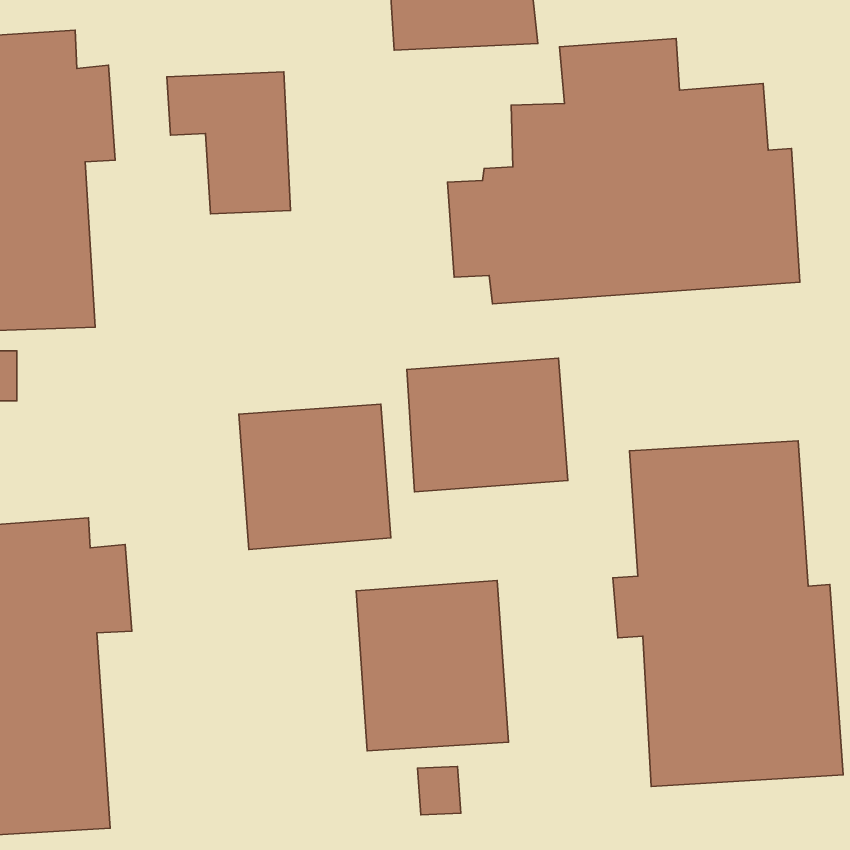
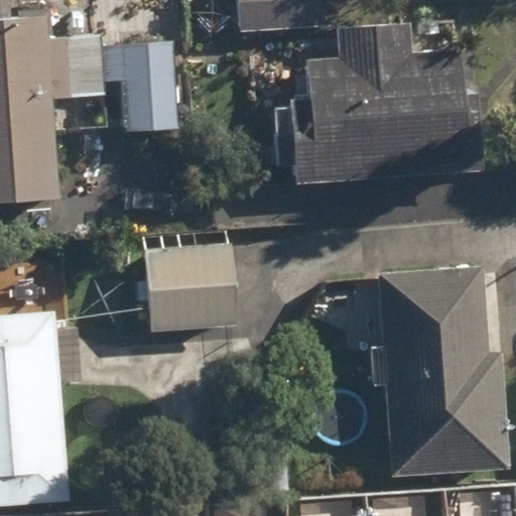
building: [407,358,568,492] -> none
building: [356,581,508,751] -> none

